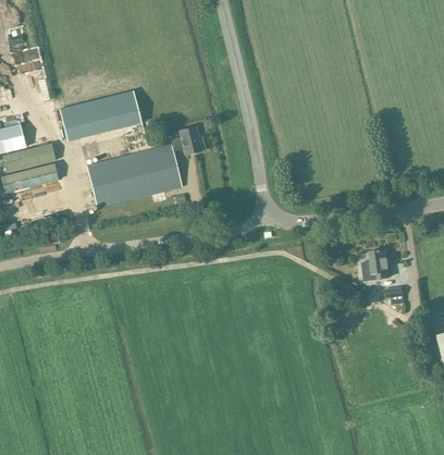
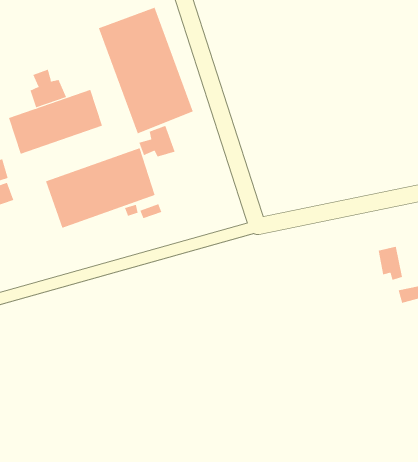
building: none -> [98,7,194,134]
building: none -> [30,69,67,108]

